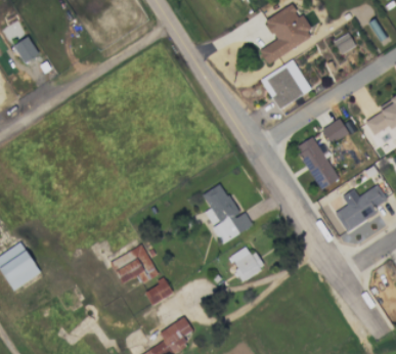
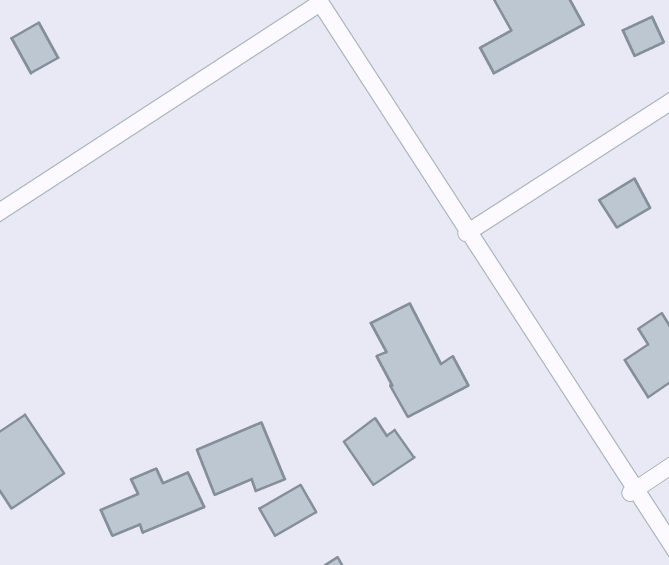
building: [262,60,311,108] -> none
building: [297,136,339,188] -> none
building: [229,246,266,280] -> [344,418,414,485]
building: none -> [101,469,204,536]

